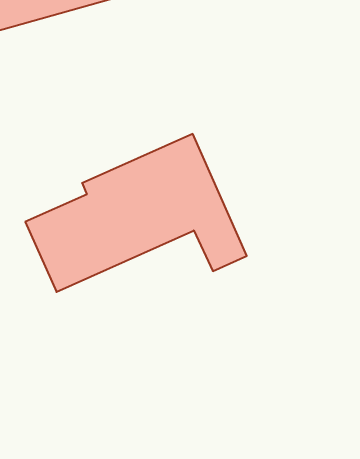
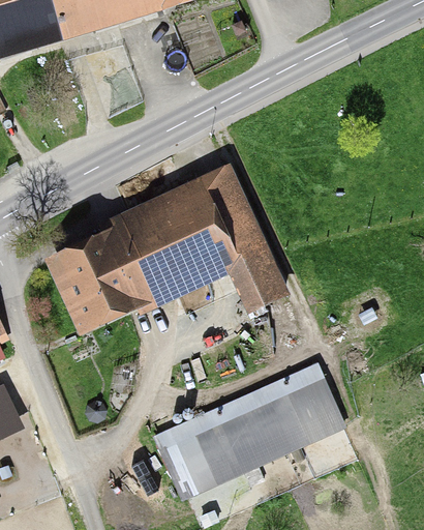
building: none -> [152,364,344,500]

